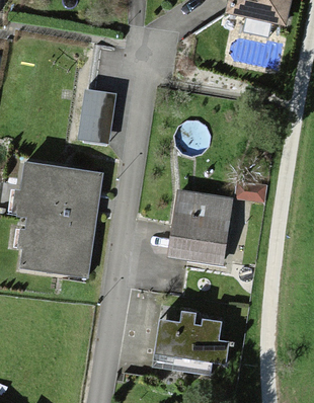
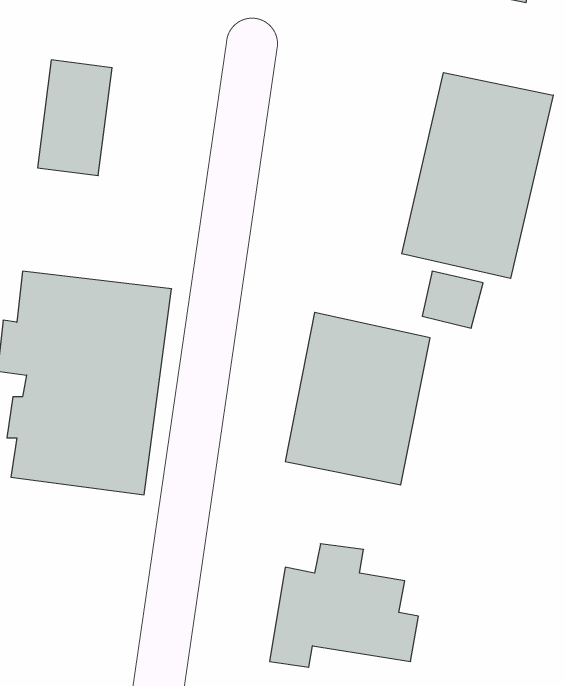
building: none -> [402,73,553,278]
building: [78,87,116,147] -> [38,60,112,176]

